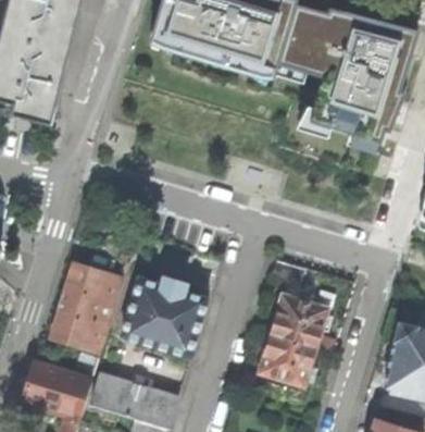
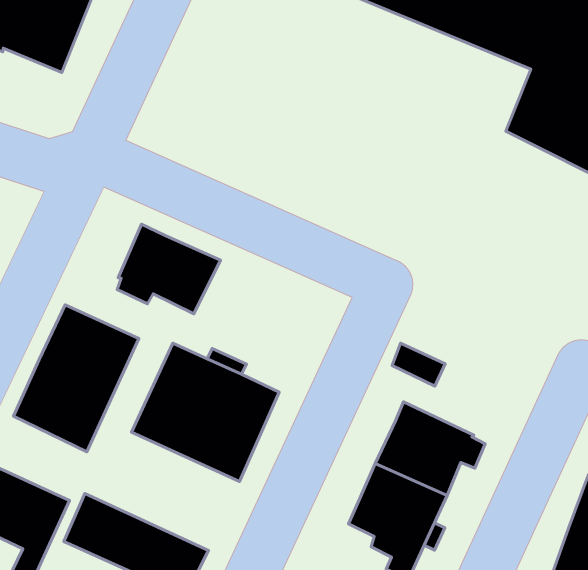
building: none -> [117,224,220,314]

